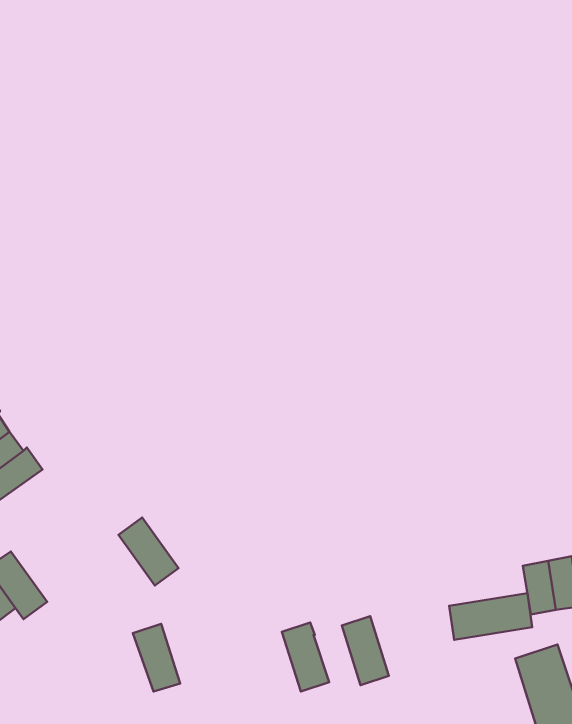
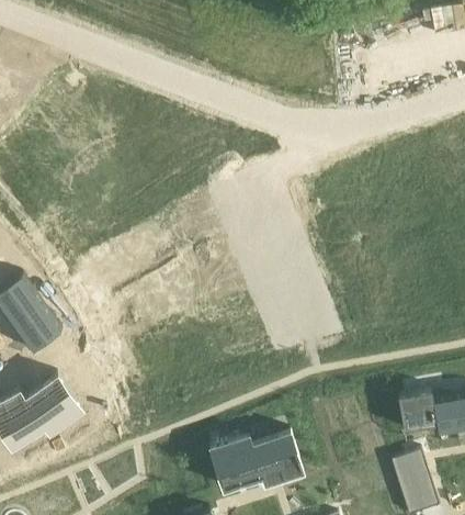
building: [118,518,178,585] -> [41,374,82,422]
building: [449,593,532,640] -> none
building: [133,624,180,691] -> [209,443,242,490]
building: none -> [251,438,284,485]

